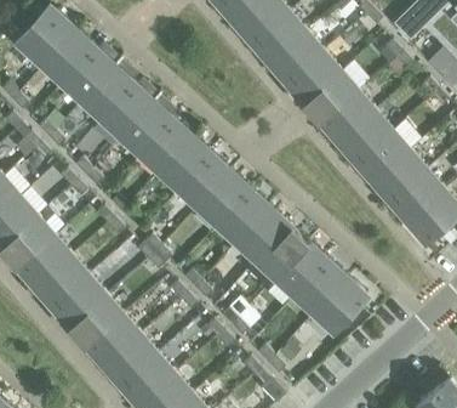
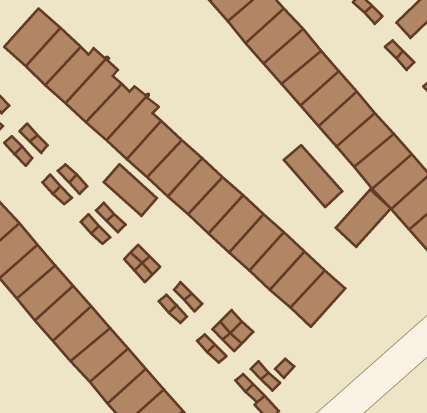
building: none -> [284,145,342,207]
building: none -> [104,164,157,216]
building: [313,277,365,332] -> [336,189,391,247]

